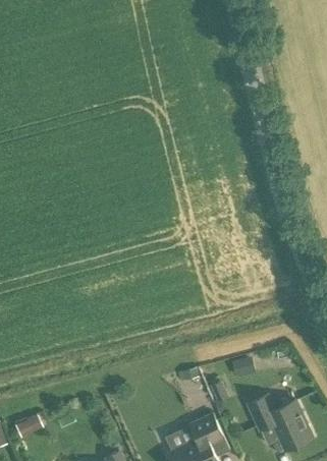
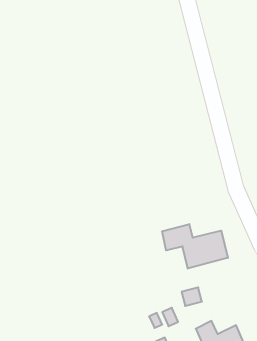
building: none -> [162,224,228,269]

